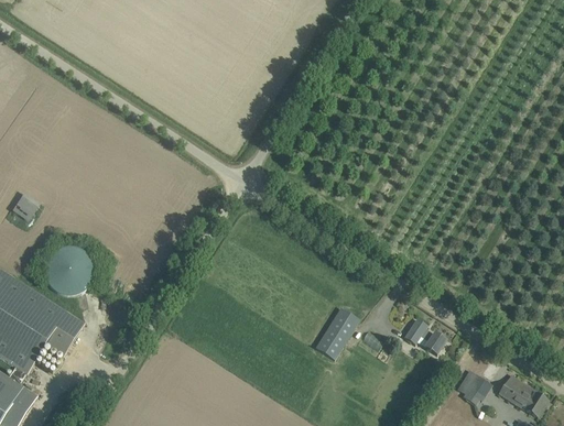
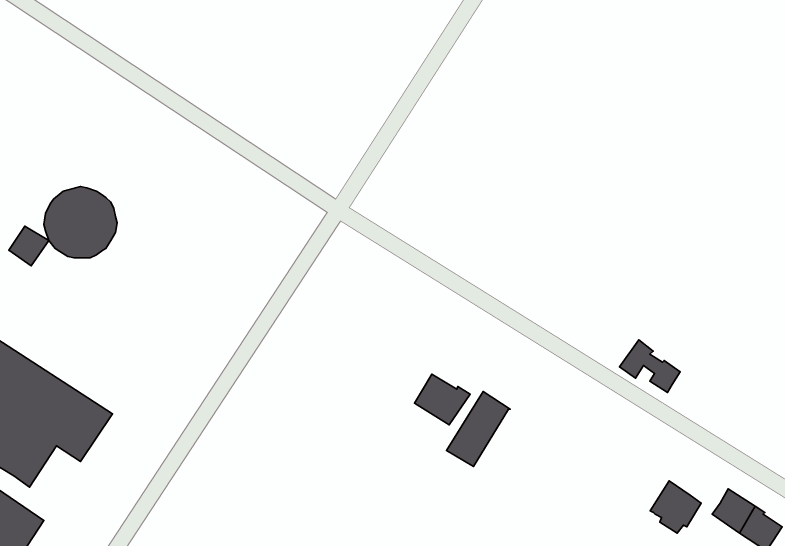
building: [43,245,94,295] -> [44,186,117,258]
building: none -> [414,374,470,425]
building: [403,318,445,354] -> [620,340,680,392]

